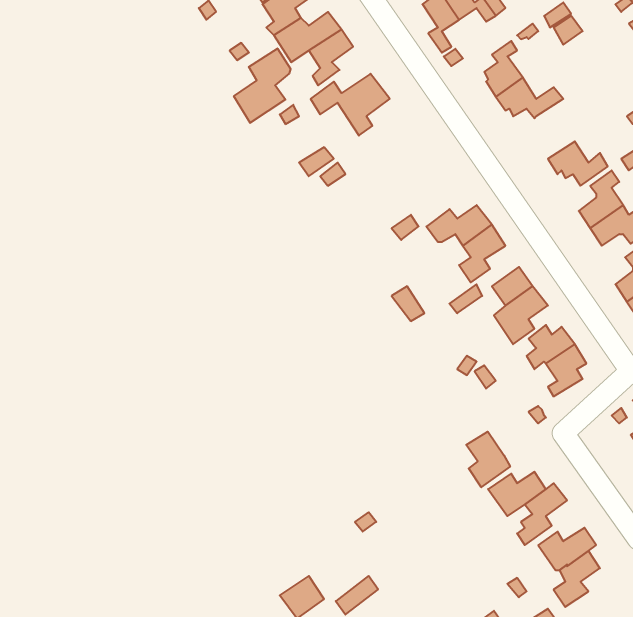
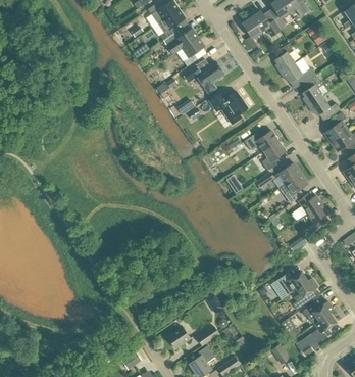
building: [234,48,291,123] -> none
building: none -> [302,74,327,105]
building: none -> [208,91,248,124]
building: [466,432,510,487] -> none

